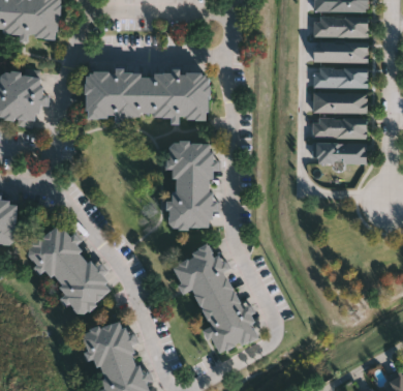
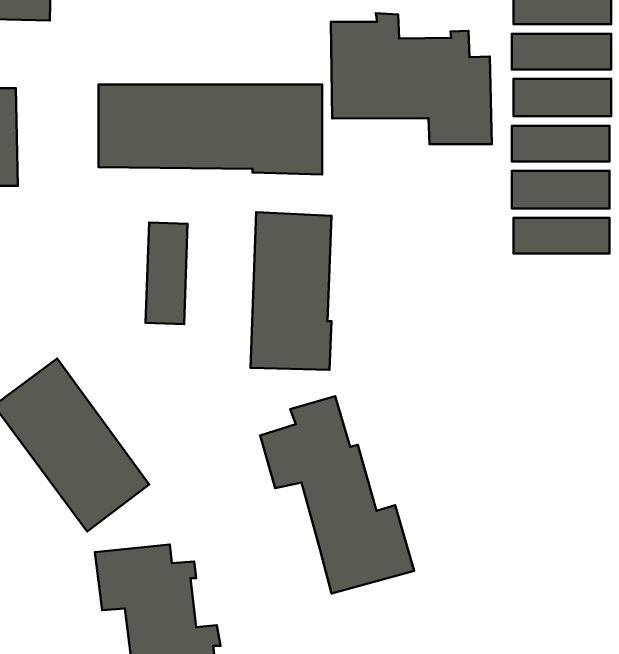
building: none -> [331,13,492,144]
building: none -> [146,222,188,324]

